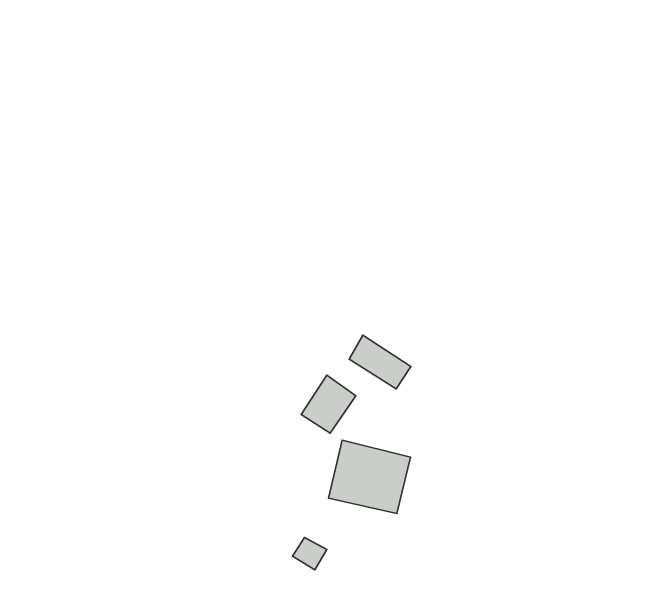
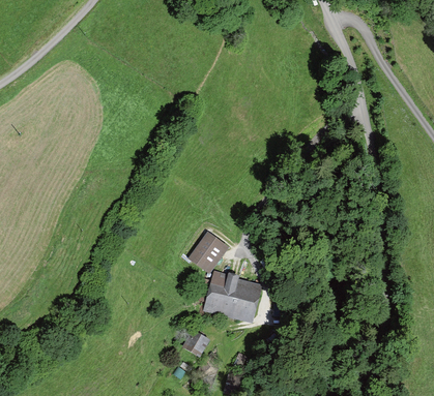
building: [349,335,411,389] -> none

